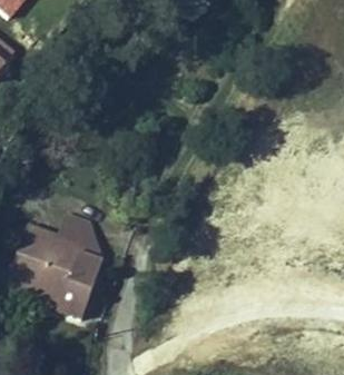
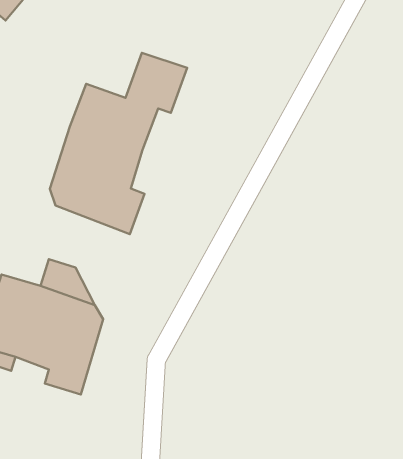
building: none -> [50,53,187,234]

